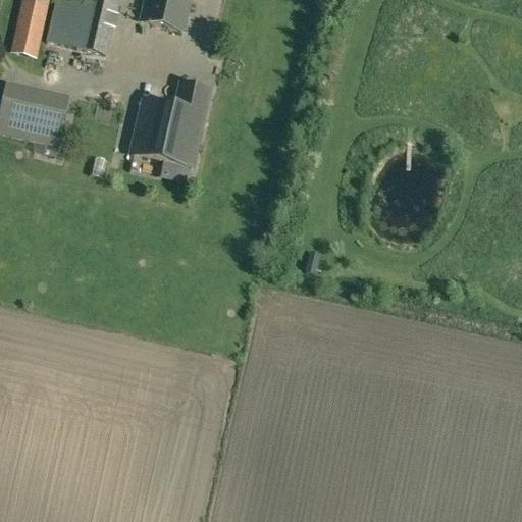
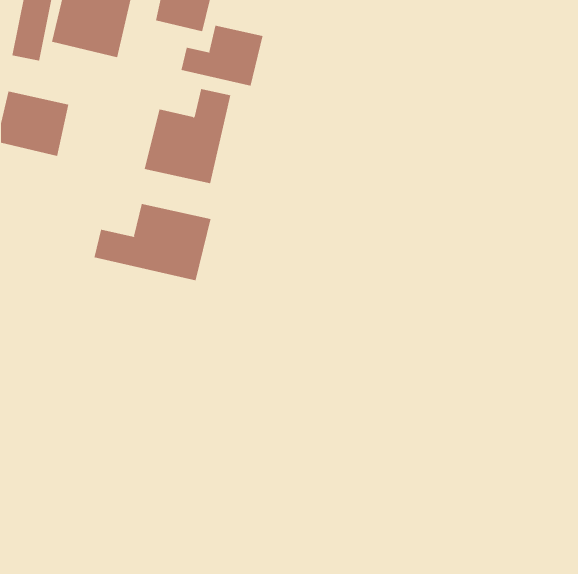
building: none -> [181,25,263,87]
building: none -> [94,203,211,281]

